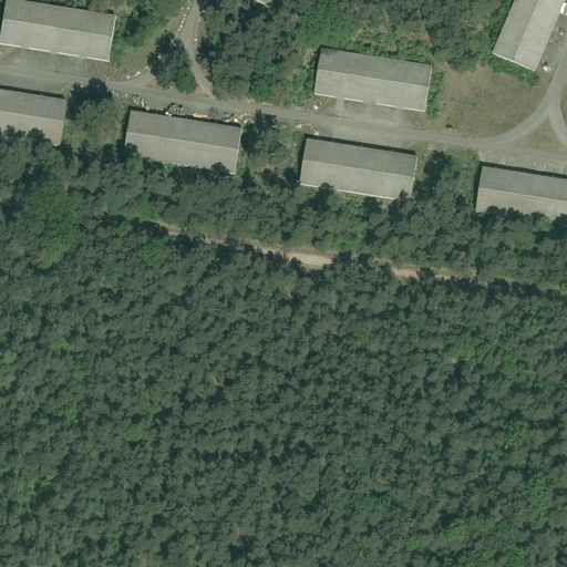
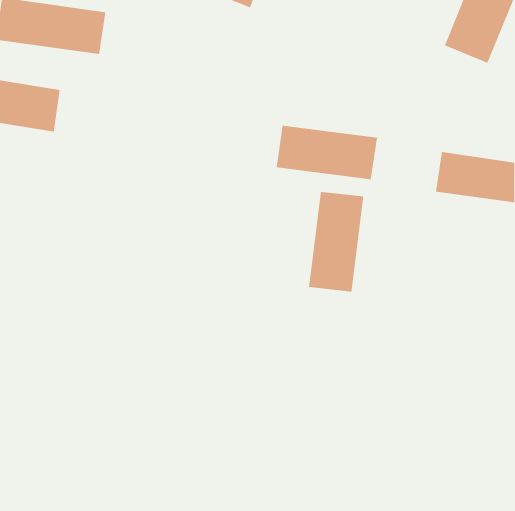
building: [312,49,431,110] -> none
building: [127,107,241,171] -> none
building: none -> [308,191,364,292]

